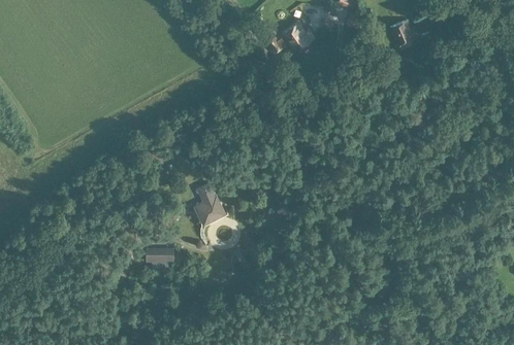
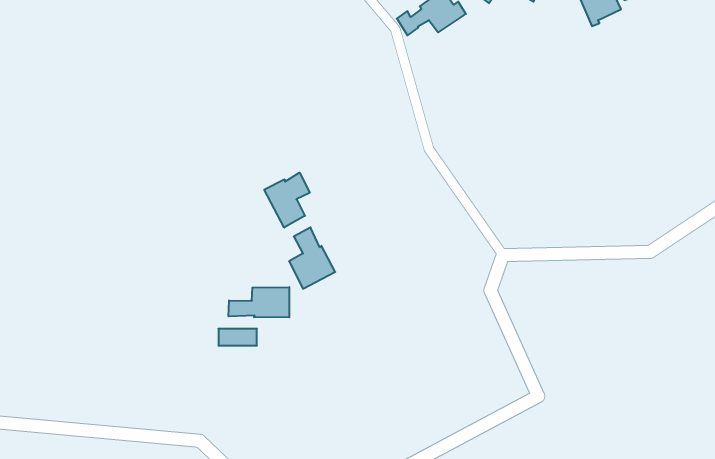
building: none -> [264,173,310,228]
building: none -> [229,287,289,317]

